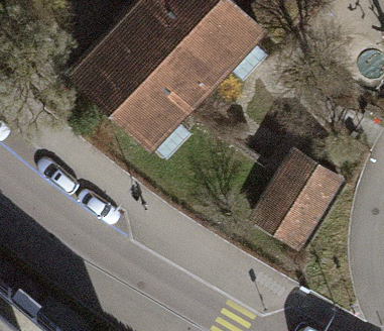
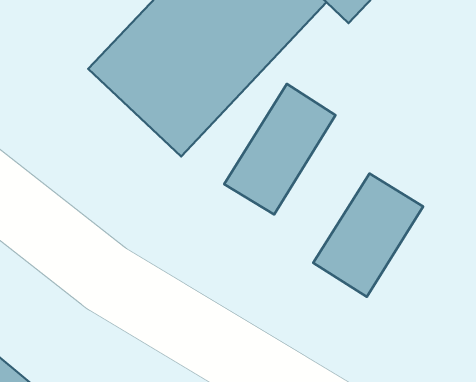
building: none -> [224,84,335,215]

